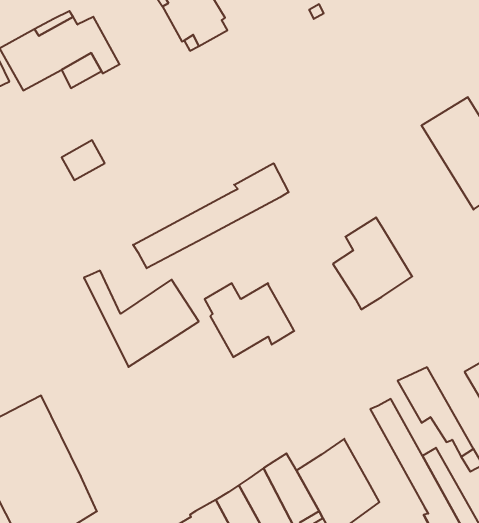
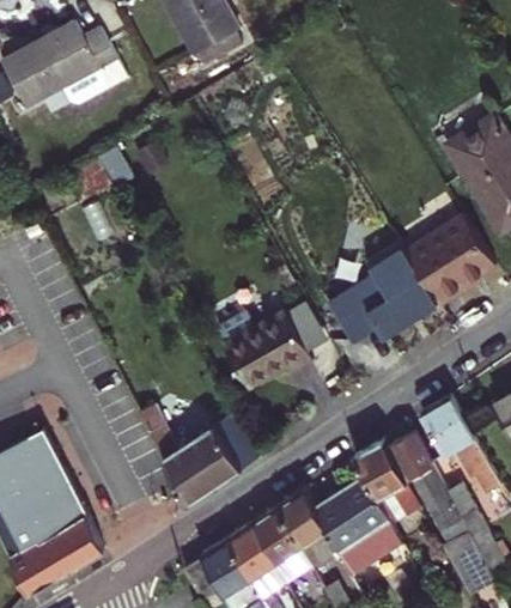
building: [133,163,289,268] -> none
building: none -> [406,218,494,303]
building: none -> [327,290,376,342]
building: [84,271,199,367] -> [139,403,260,505]
building: none -> [284,300,328,352]
building: none -> [353,439,420,523]

